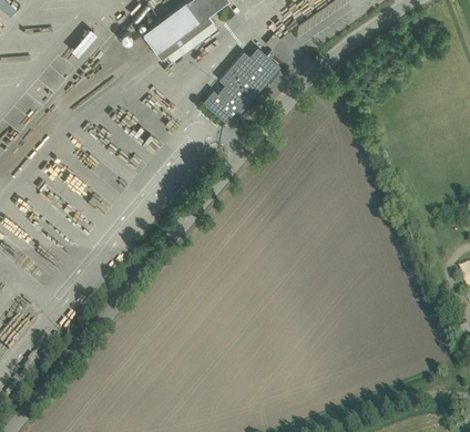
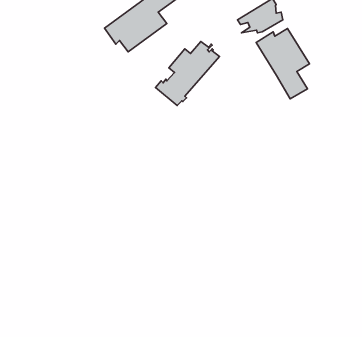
building: none -> [256,29,309,99]

